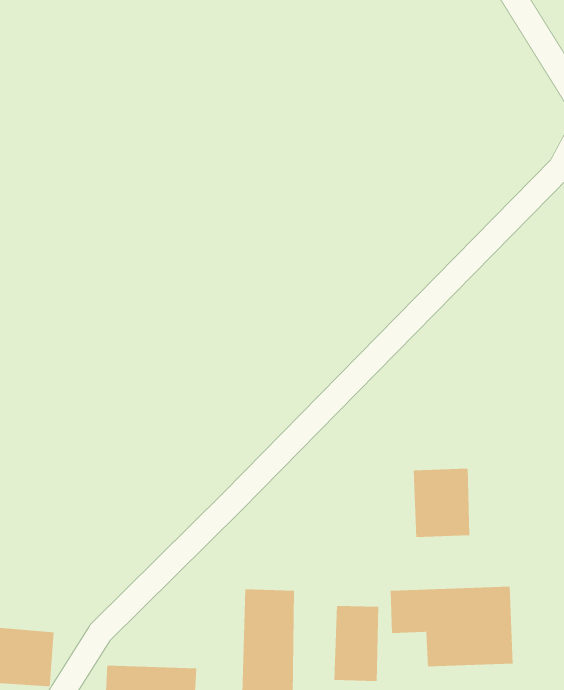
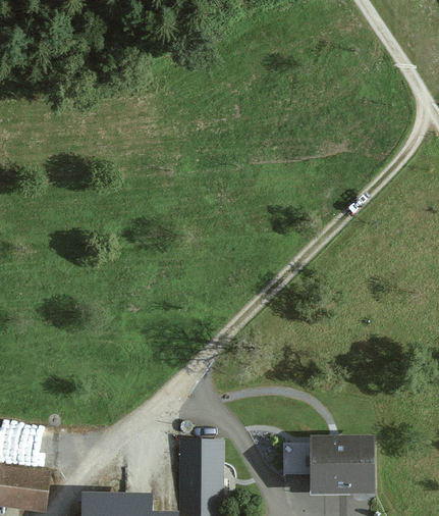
building: [413,468,470,538] -> none
building: [334,605,379,682] -> none

